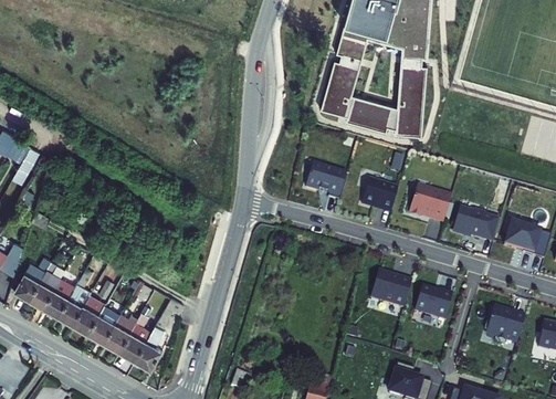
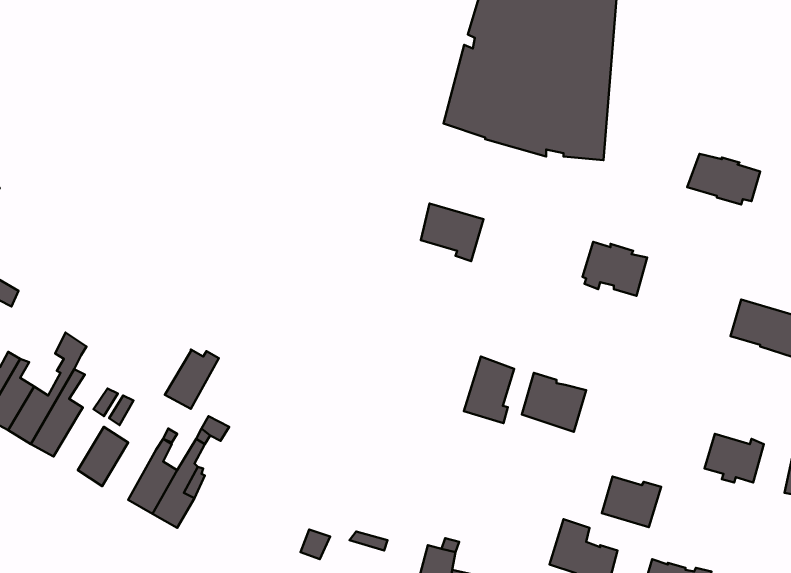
building: [361,179,397,211] -> none
building: [452,208,499,240] -> [687,154,760,205]
building: none -> [464,357,514,423]
building: [415,286,452,318] -> [602,476,661,527]
building: [73,295,105,332] -> none
building: [104,313,138,350] -> [165,350,219,409]

